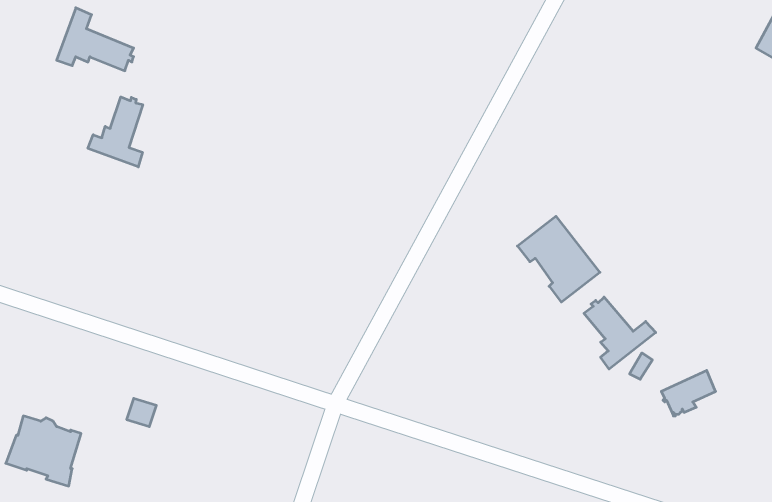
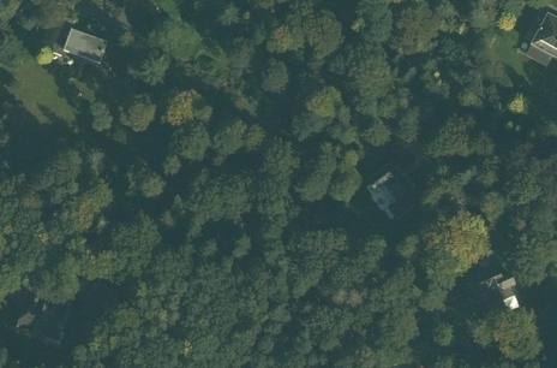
building: [88,97,143,167] -> none
building: [584,297,656,369] -> none

